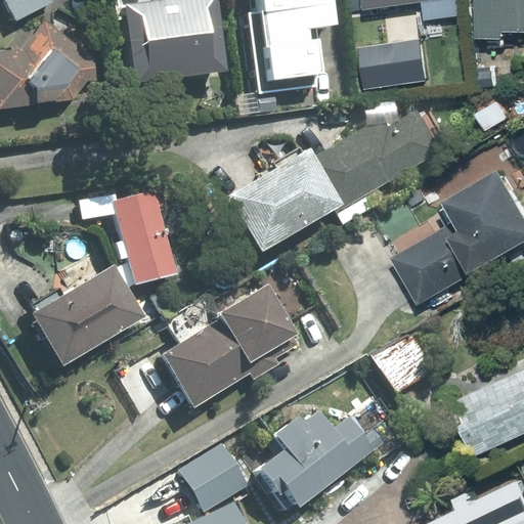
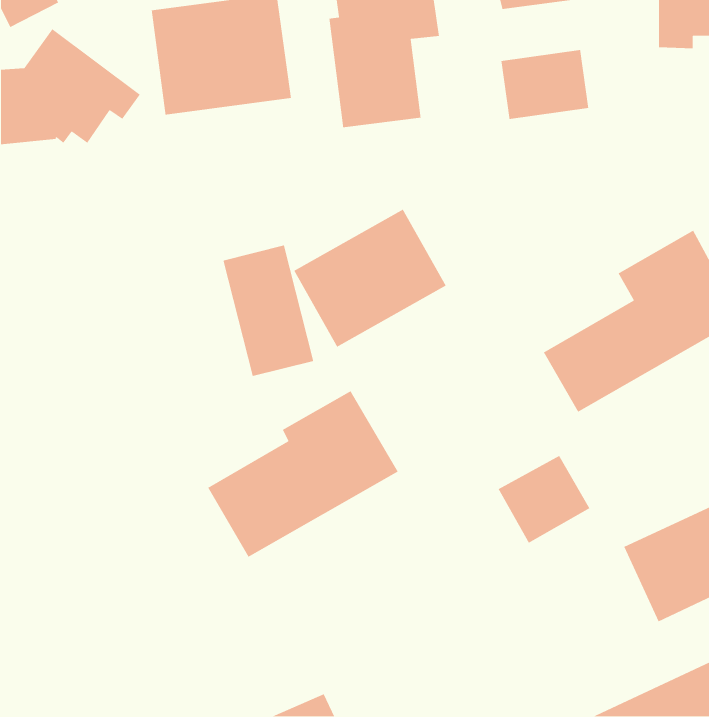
building: [310,110,441,210] -> none
building: [111,190,177,287] -> [222,245,314,377]
building: [28,265,143,366] -> none
building: [253,409,383,508] -> none
building: [186,443,255,510] -> none

